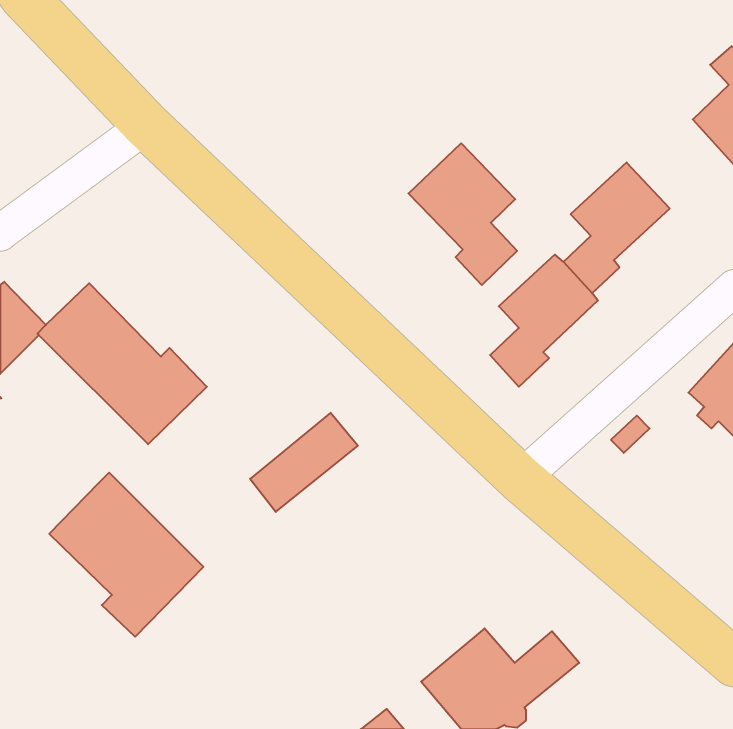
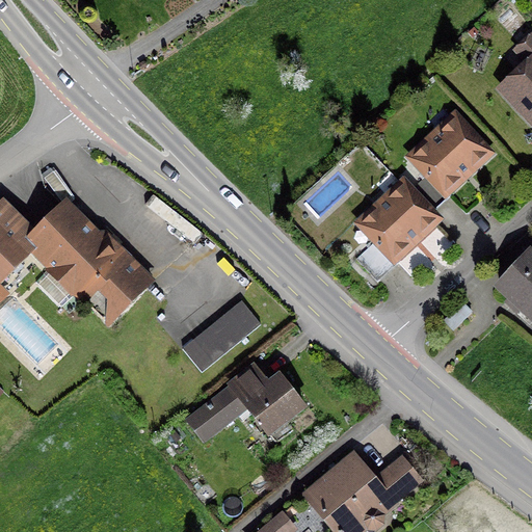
building: [408,143,517,285] -> none
building: [49,473,203,637] -> none
building: none -> [188,366,301,437]

